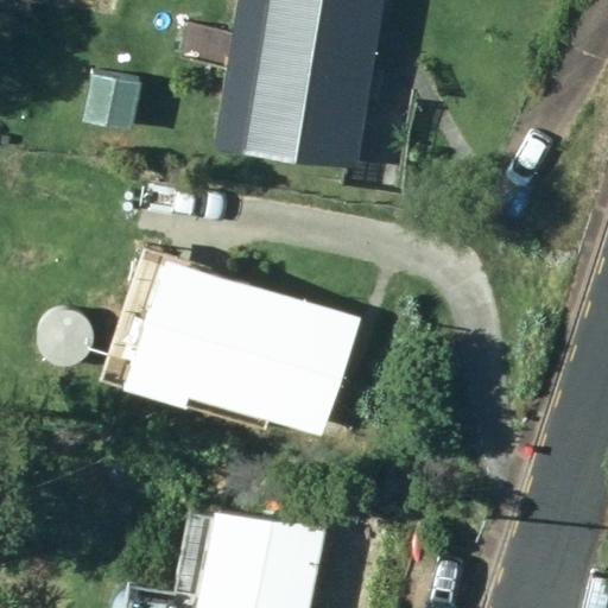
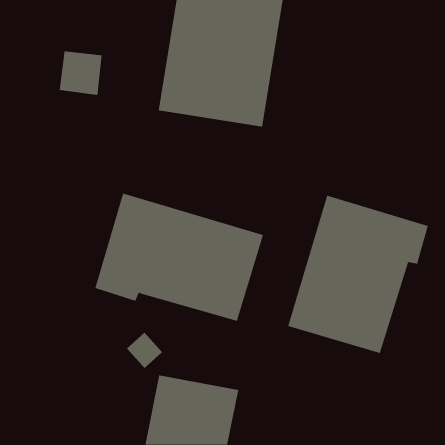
building: none -> [288,195,428,354]

